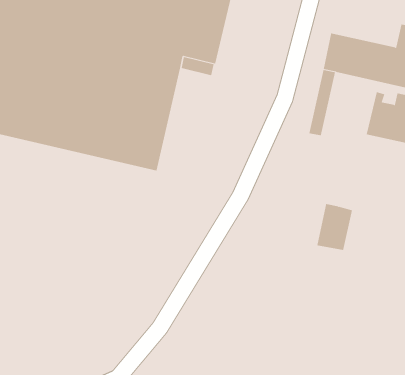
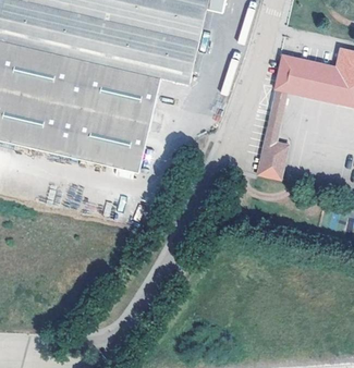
building: [316,204,353,251] -> [257,140,288,180]

